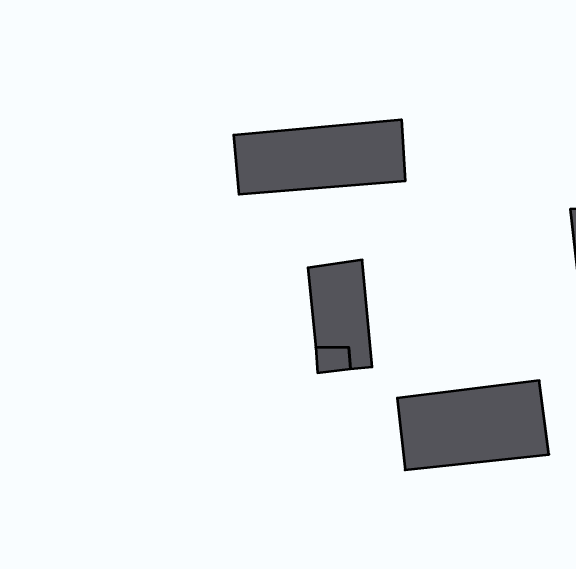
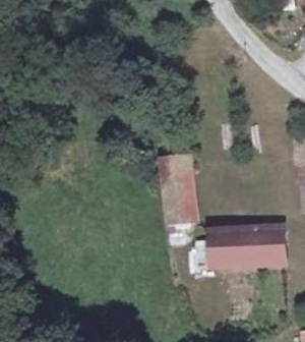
building: [234,120,405,194] -> none

